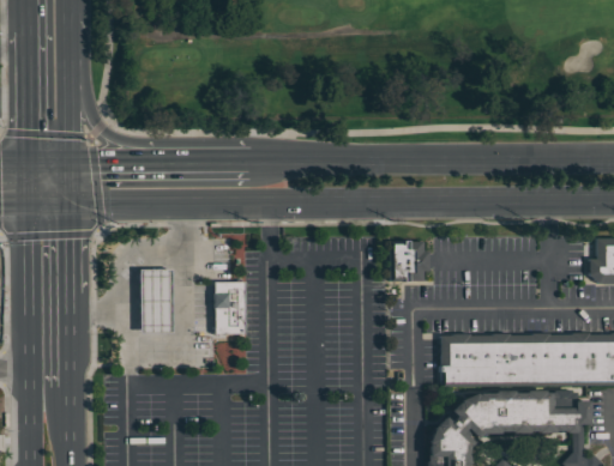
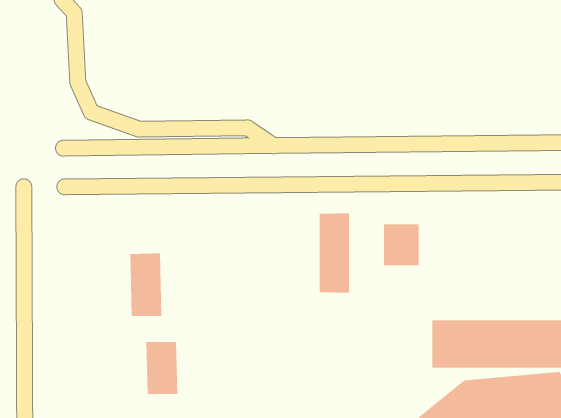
building: none -> [319,213,349,294]
building: [213,283,246,335] -> [146,342,178,394]

